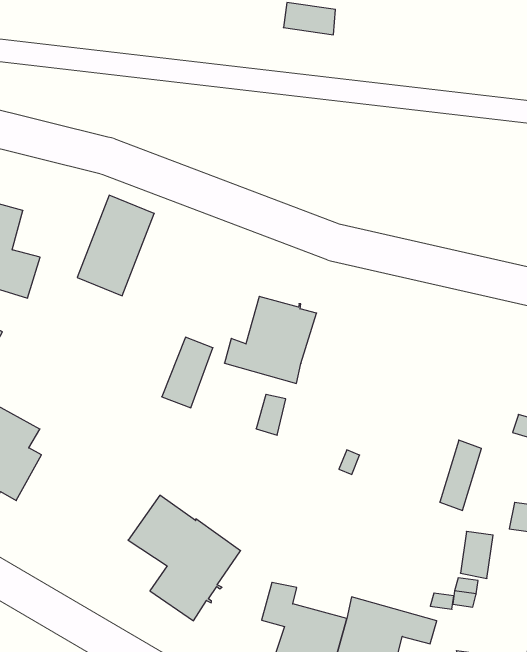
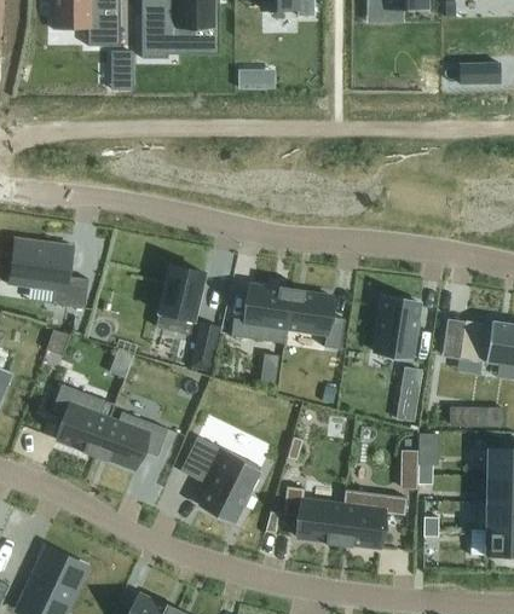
building: [77,195,154,296] -> [156,265,204,335]
building: none -> [285,290,345,349]
building: none -> [375,299,418,358]
building: none -> [97,412,168,469]

